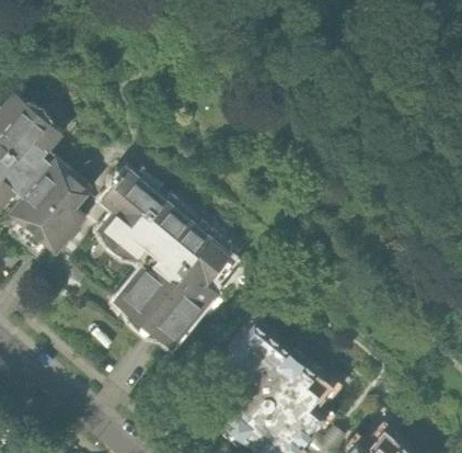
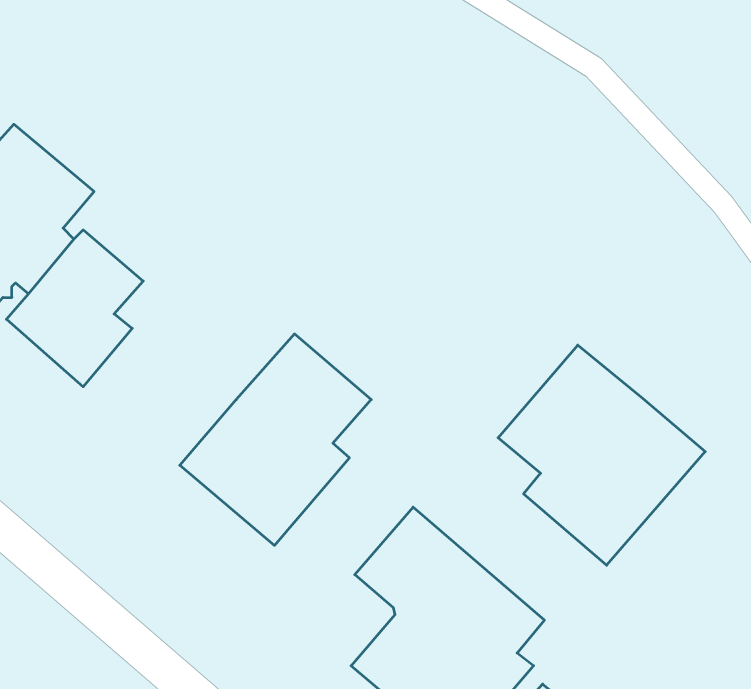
building: [100,171,184,260] -> none
building: none -> [498,345,705,565]

